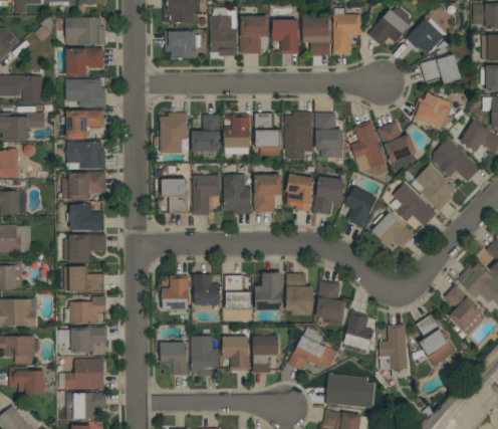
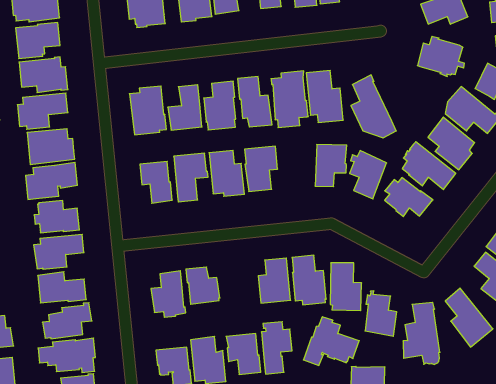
building: [377,121,416,167] -> none
building: [285,175,312,212] -> none
building: [224,275,250,310] -> none

